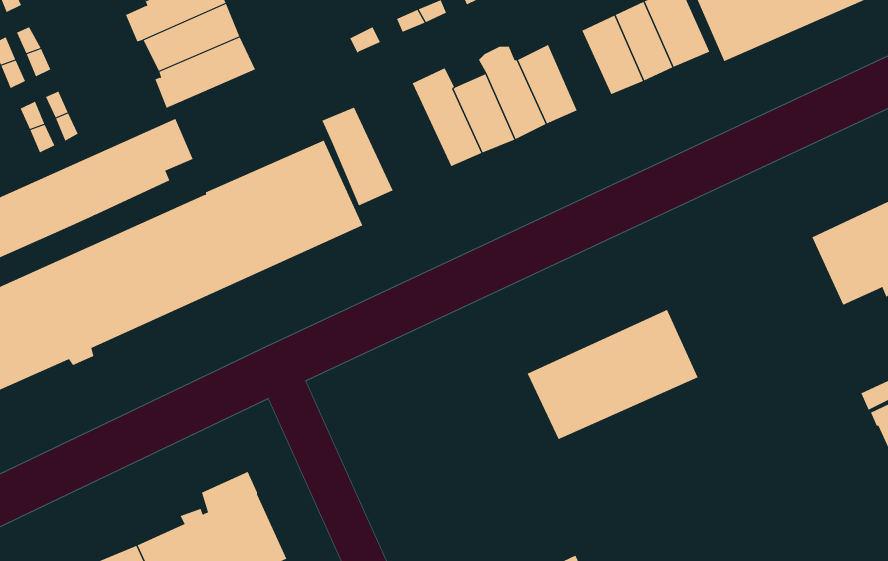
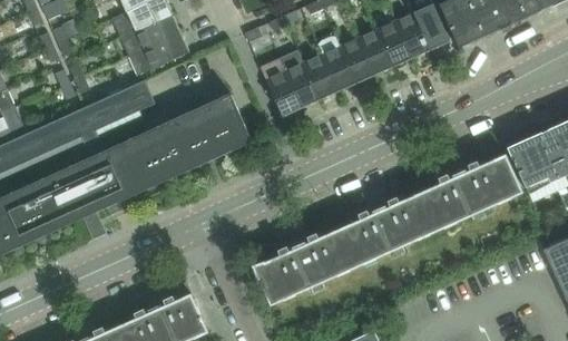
building: none -> [356,30,392,76]
building: [321,107,394,206] -> [259,60,301,117]
building: none -> [424,155,521,228]
building: none -> [251,226,362,305]

